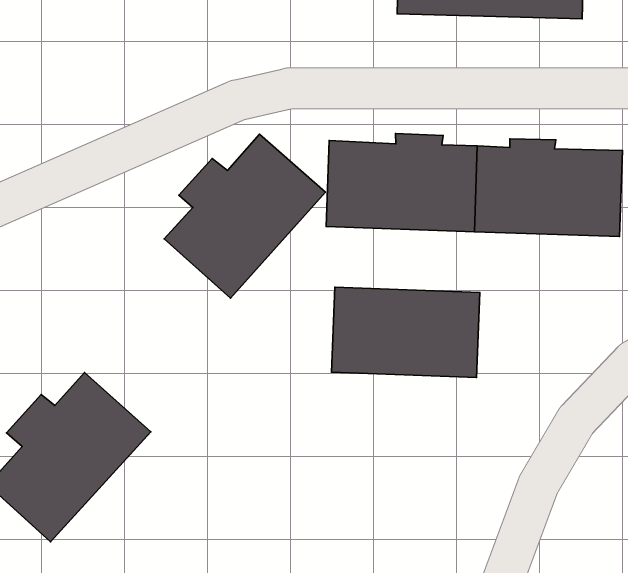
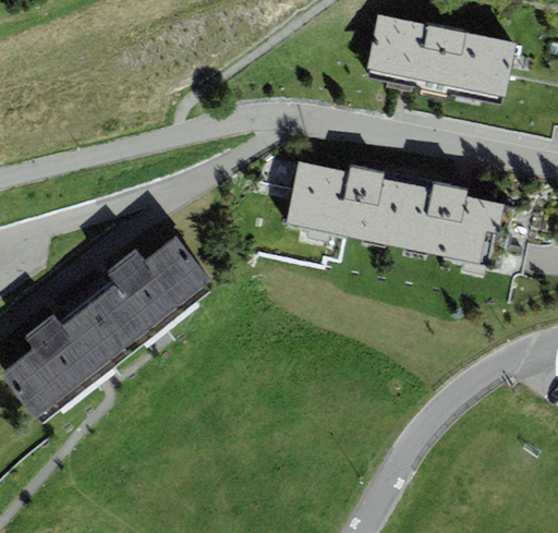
building: [164,134,326,298] -> [88,235,214,353]
building: [332,287,480,377] -> none

